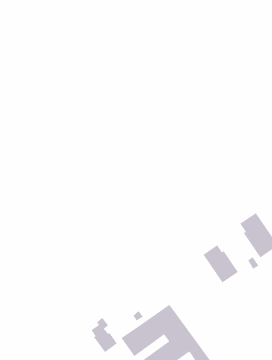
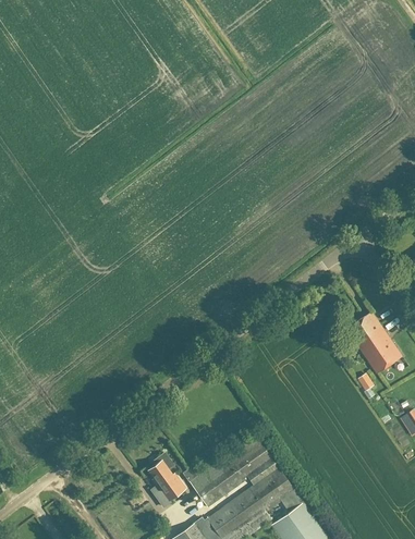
building: [203,244,239,283] -> none

